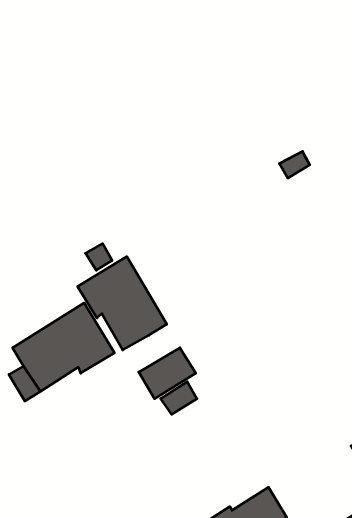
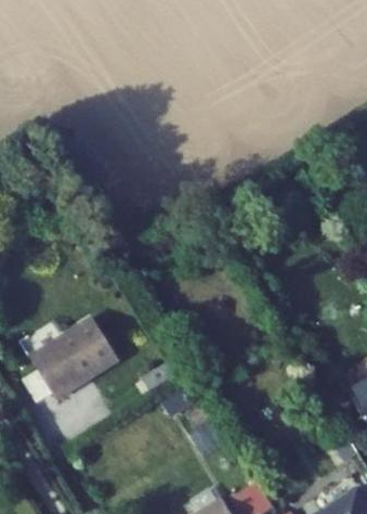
building: [78,257,167,350] -> none

